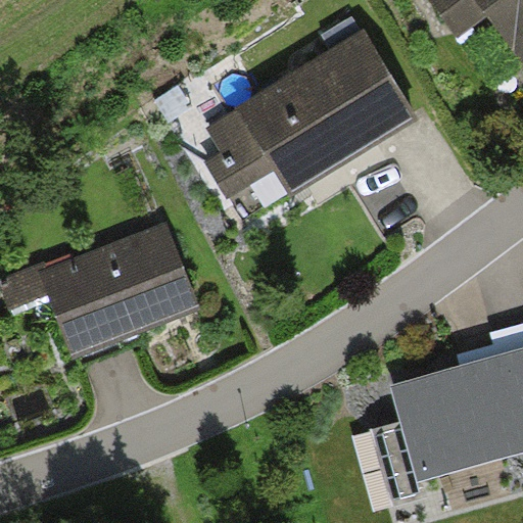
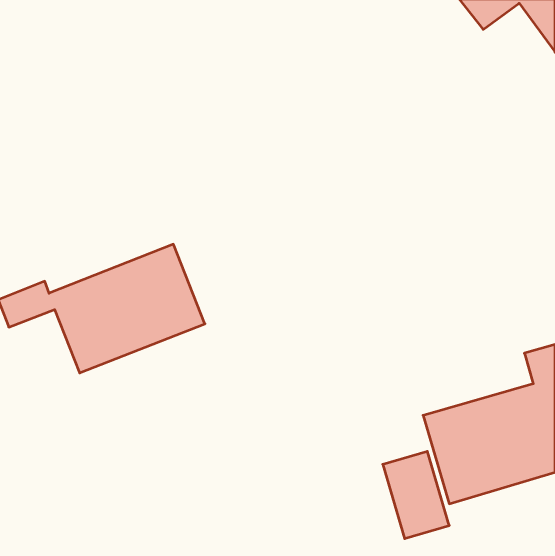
building: [208,35,412,194] -> none

